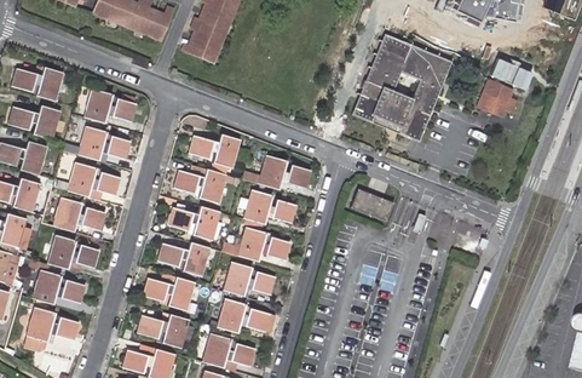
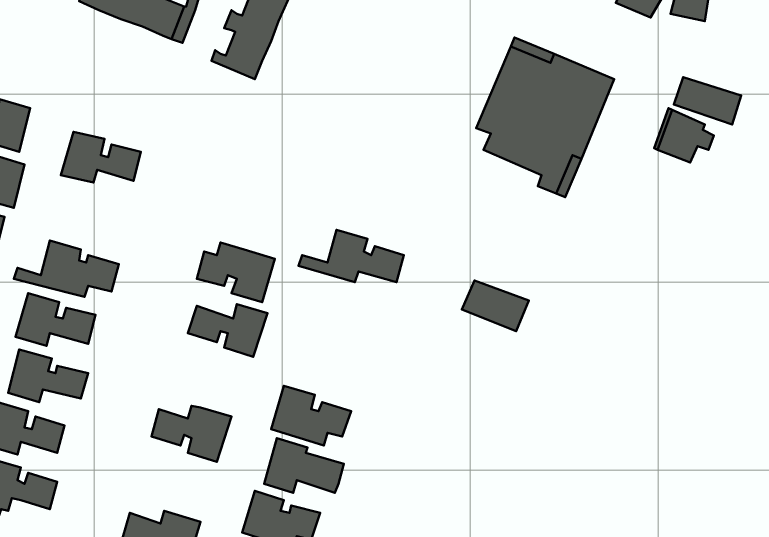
building: [352,90,403,128] -> none
building: [77,130,131,165] -> none
building: [186,137,240,172] -> none
building: [240,191,295,227] -> none
building: [221,229,290,263] -> none
building: [157,242,211,277] -> none
building: [138,311,190,348] -> none

